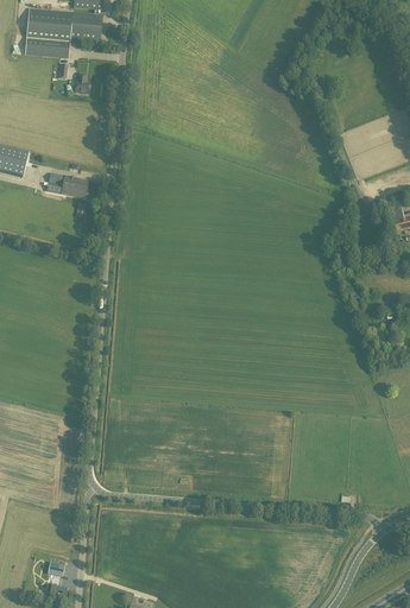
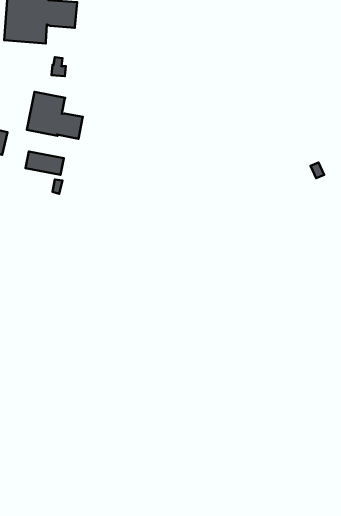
building: none -> [27,92,83,139]

